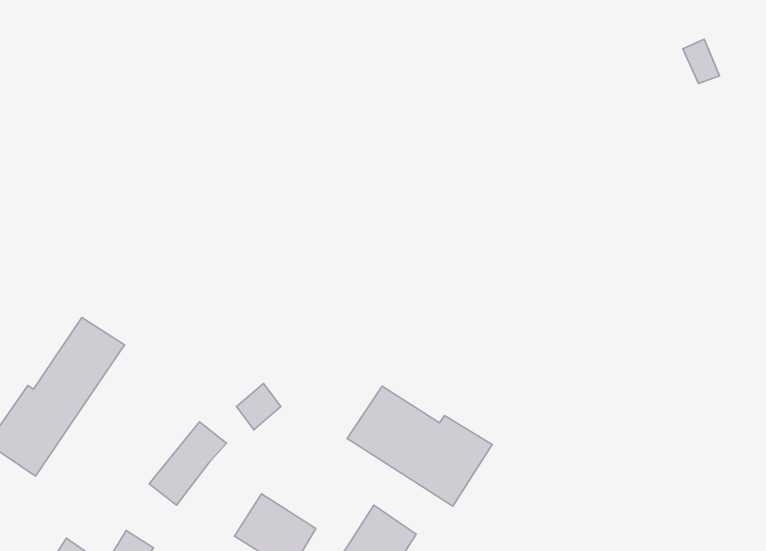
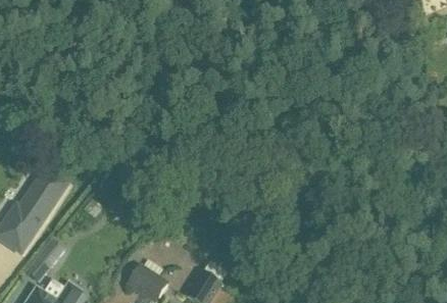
building: [347,386,492,506] -> none
building: [149,422,227,505] -> [26,237,66,281]

